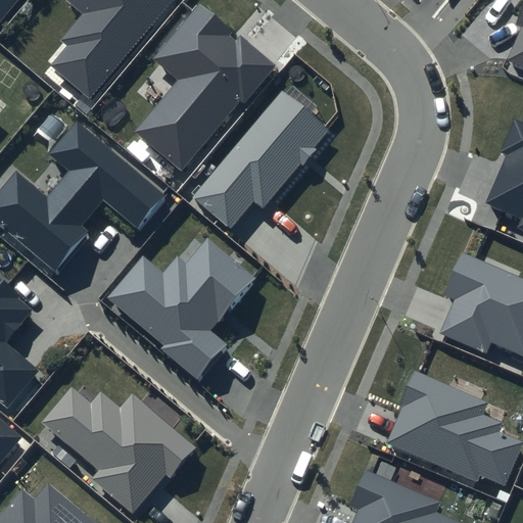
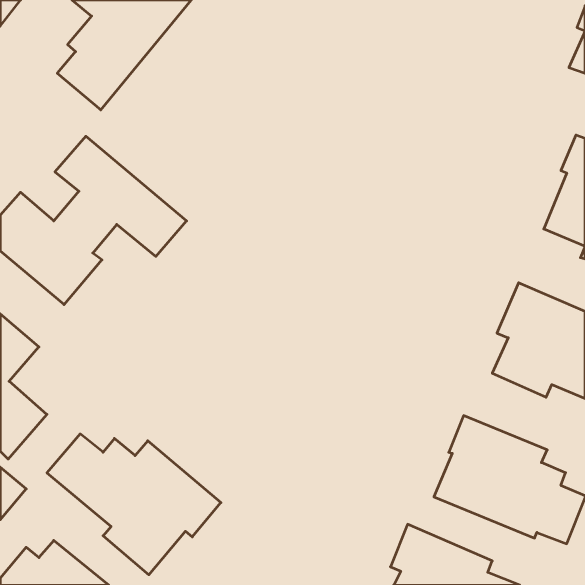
building: [137,4,275,167] -> none
building: [190,90,329,231] -> none
building: [107,239,254,378] -> none

